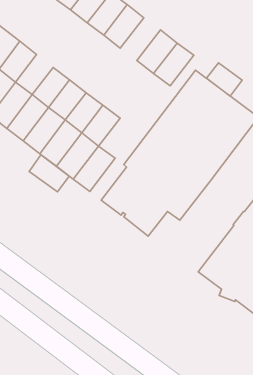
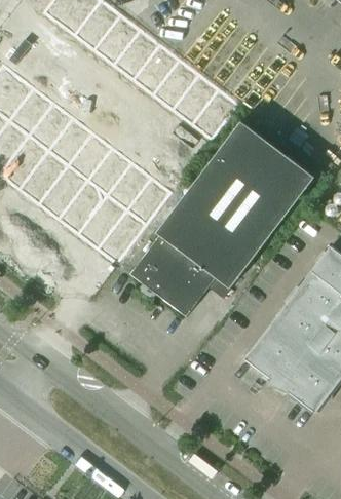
building: none -> [153,59,200,109]
building: none -> [30,102,74,149]
building: [207,63,242,96] -> none
building: none -> [127,177,173,224]
building: [29,155,69,192] -> none

